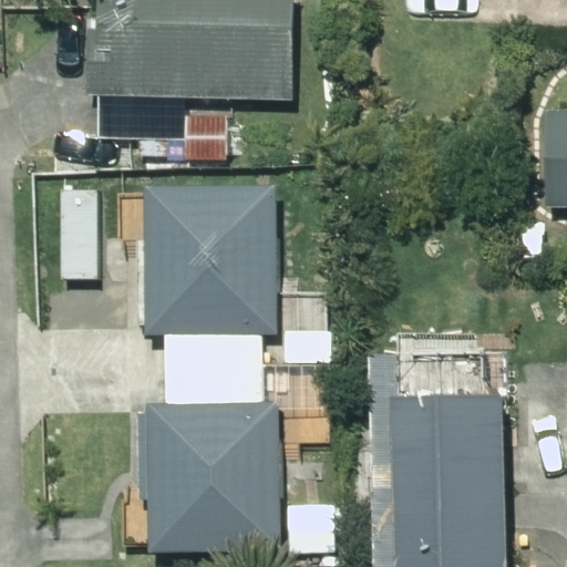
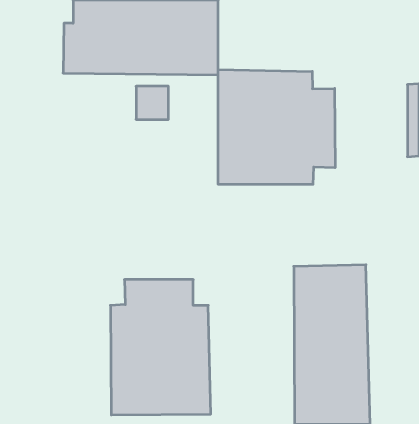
building: none -> [218,70,335,184]
building: [144,188,276,372] -> none

